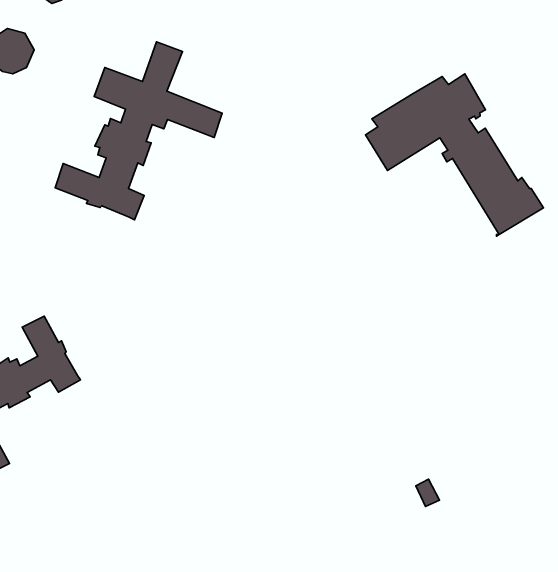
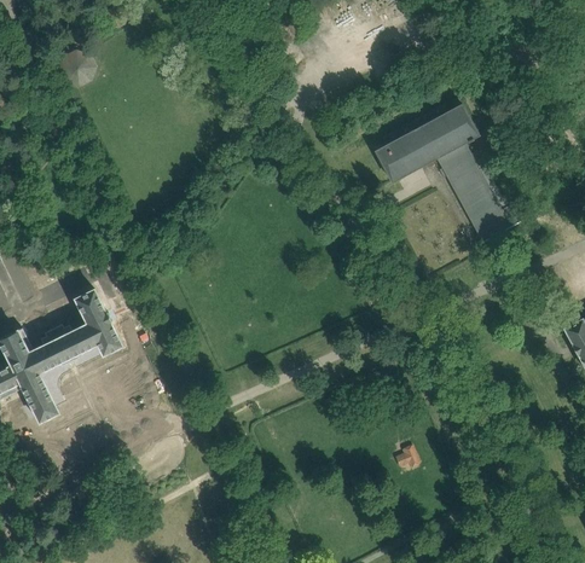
building: [55,42,222,220] -> none

